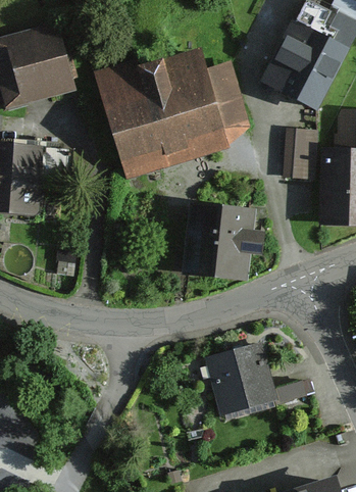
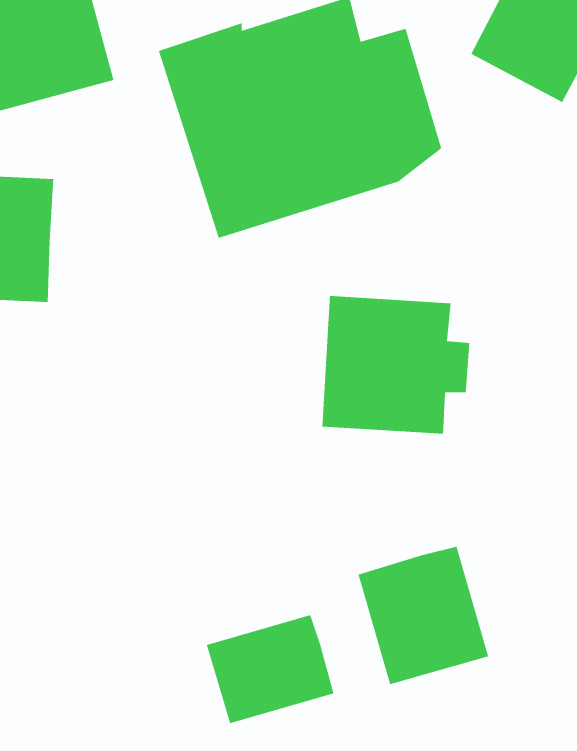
building: [287,131,313,178] -> none
building: none -> [206,614,334,724]

